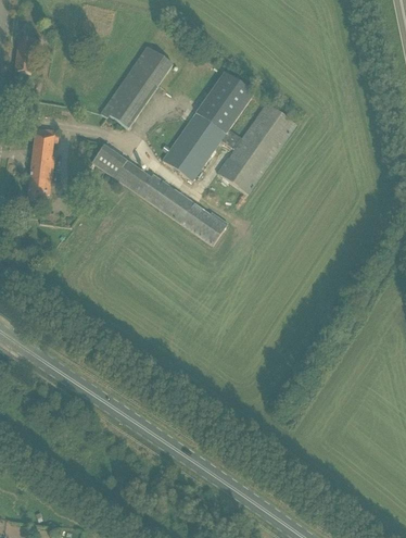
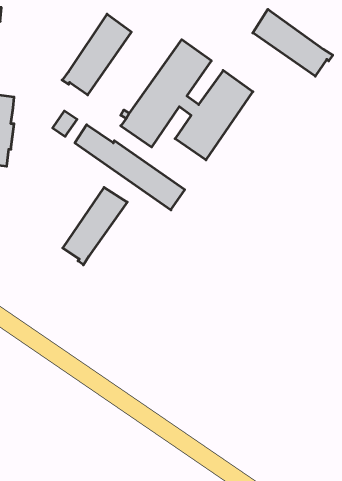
building: none -> [253,9,333,76]
building: none -> [63,187,127,265]

